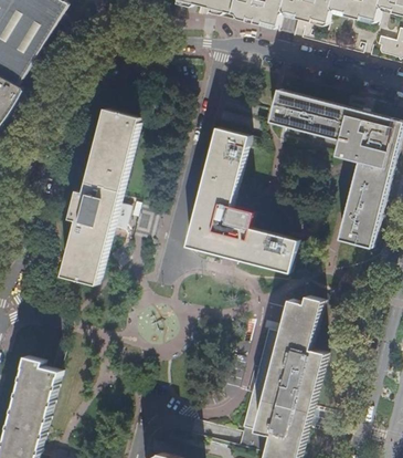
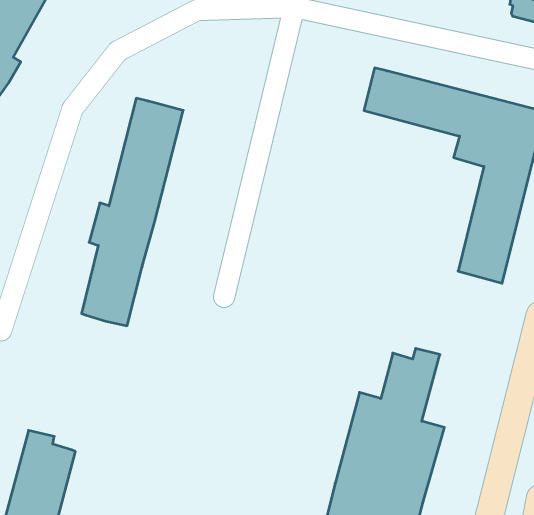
building: [188,128,298,271] -> none

